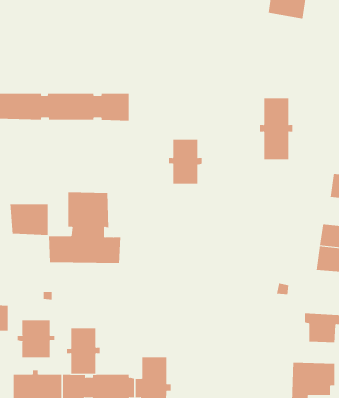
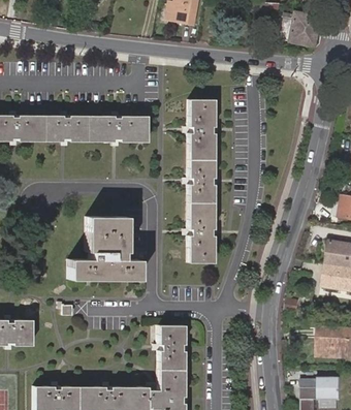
building: [259,98,293,160] -> [183,100,216,160]
building: none -> [183,203,216,262]
building: [10,203,48,236] -> none
building: [17,320,55,358] -> none
building: [66,328,101,374] -> [153,325,186,370]

